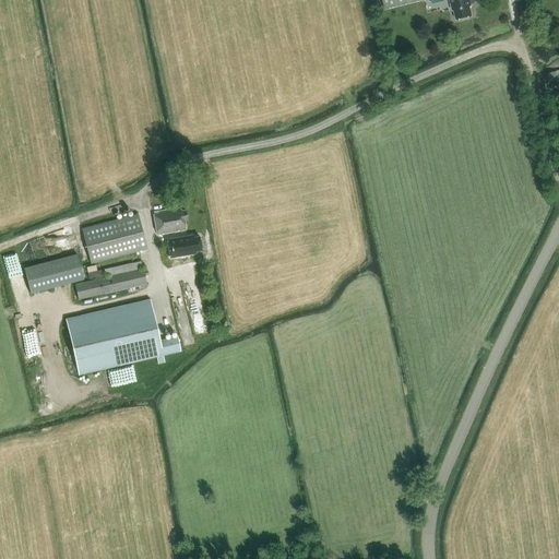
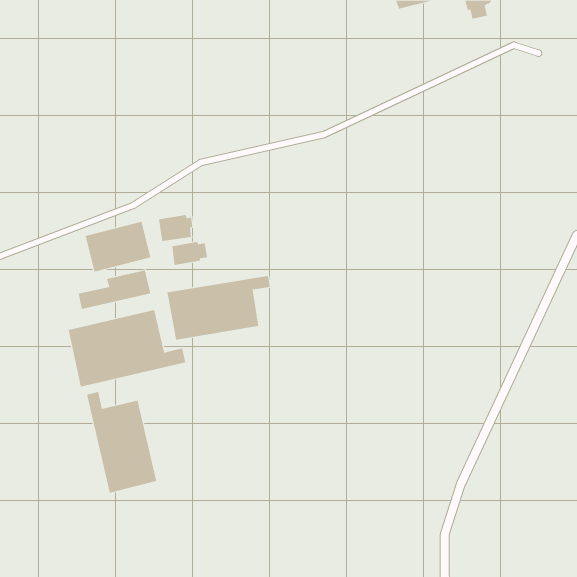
building: [23,253,83,292] -> none
building: none -> [167,275,270,340]
building: none -> [86,391,157,494]

